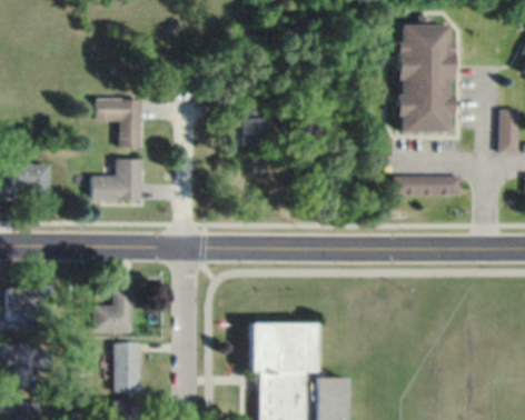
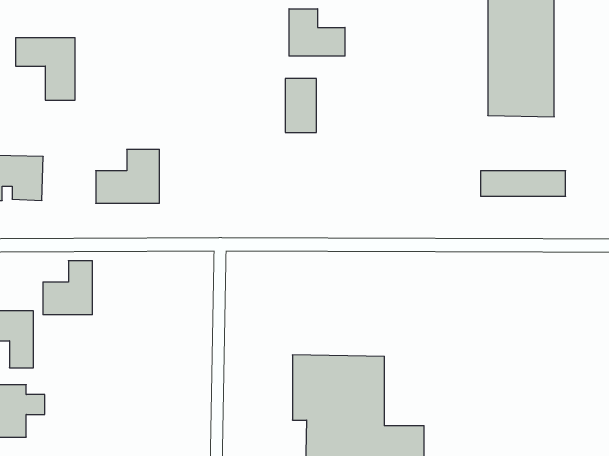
building: none -> [289,9,345,56]
building: [96,100,142,149] -> [16,38,75,100]
building: [93,289,132,331] -> [43,261,92,315]
building: [113,342,140,392] -> none

